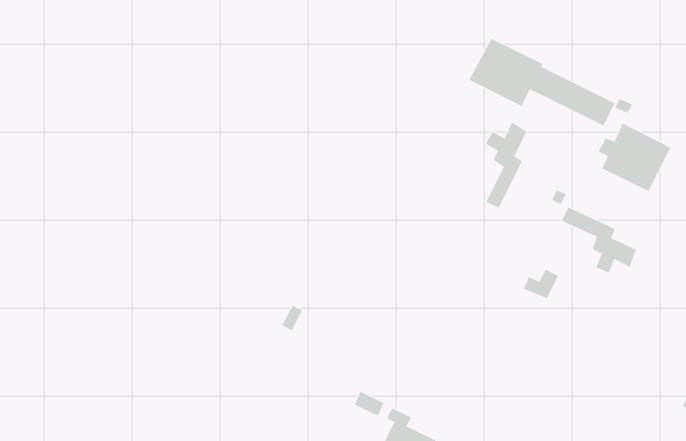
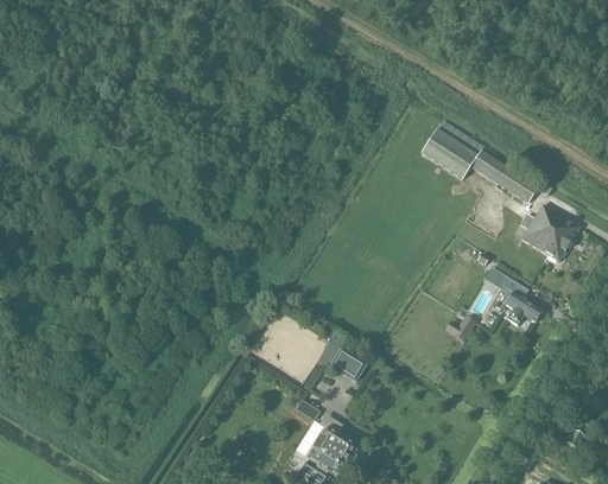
building: [485,121,527,208] -> none
building: none -> [330,348,365,380]

